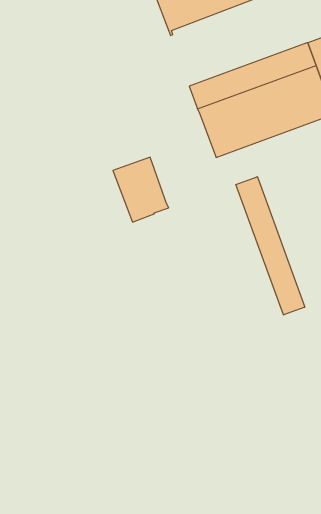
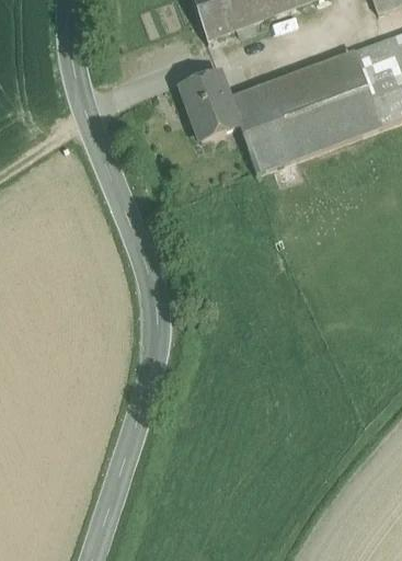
building: [113,157,169,222] -> [181,71,240,140]
building: [236,177,305,315] -> none

